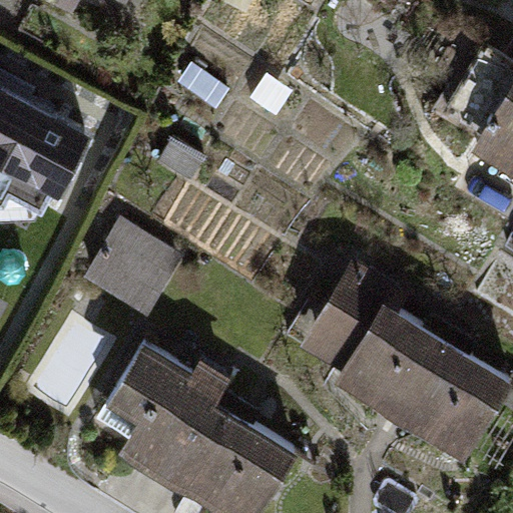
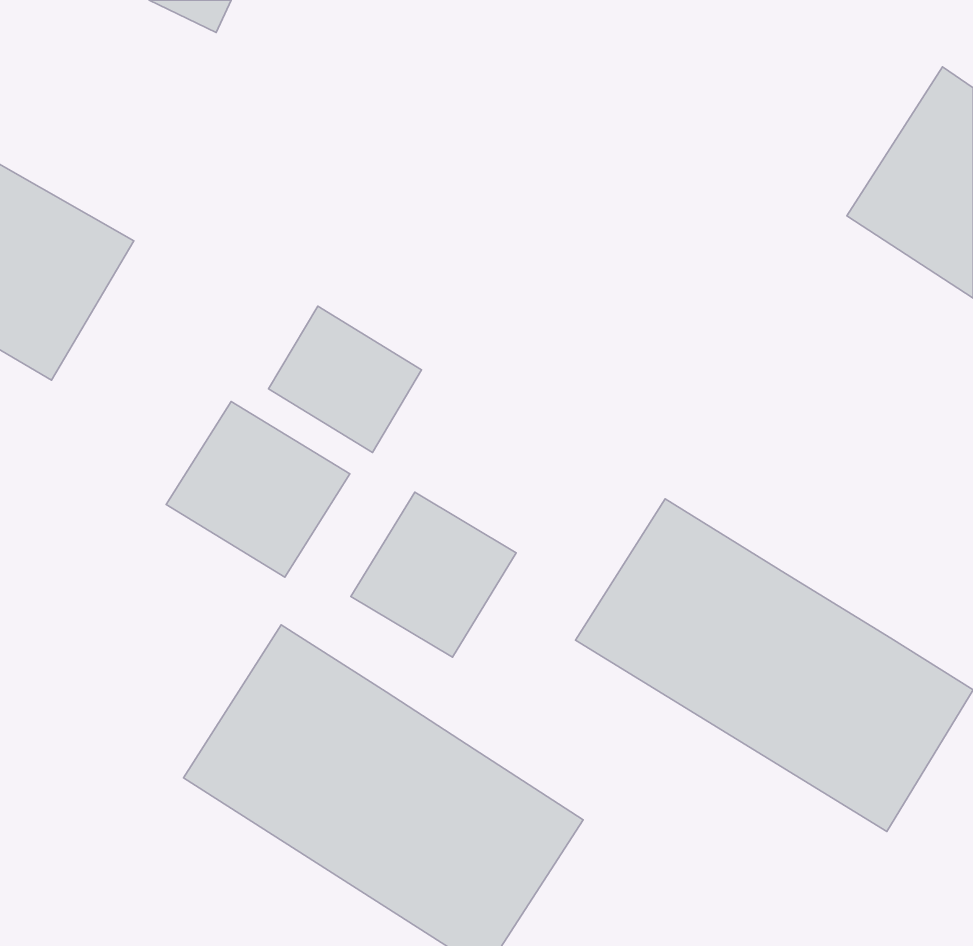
building: none -> [269,306,422,452]
building: none -> [351,492,516,657]

